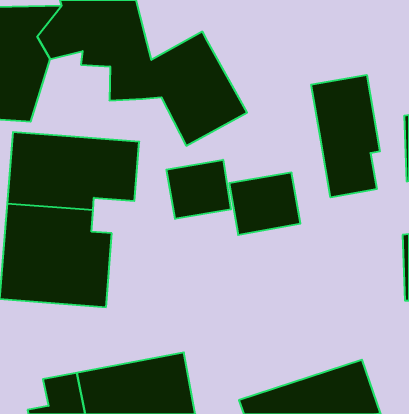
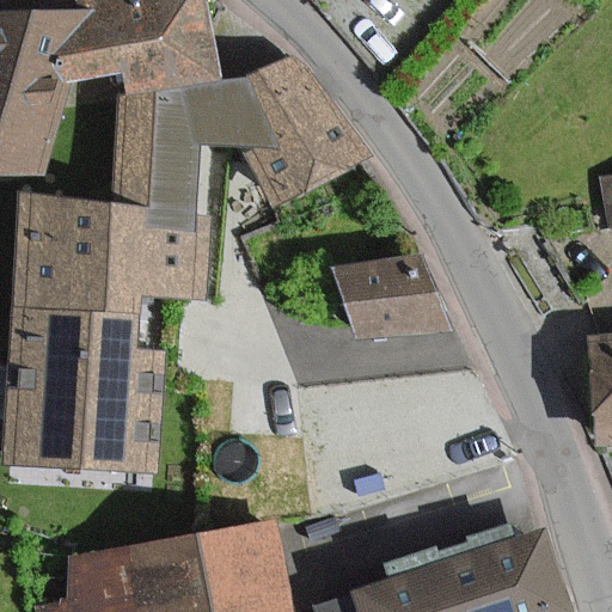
building: none -> [111,96,210,209]
building: [311,75,380,197] -> none
building: [166,160,231,219] -> none

